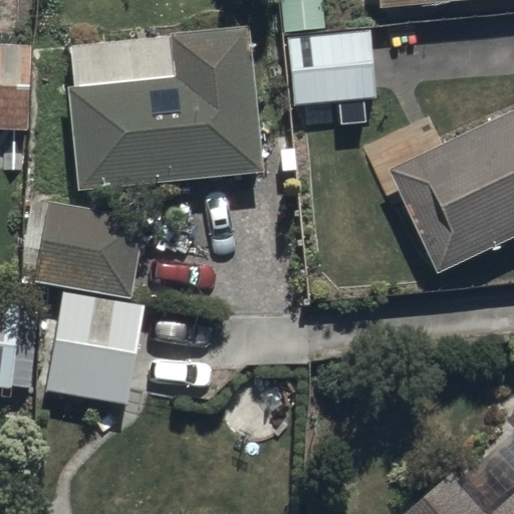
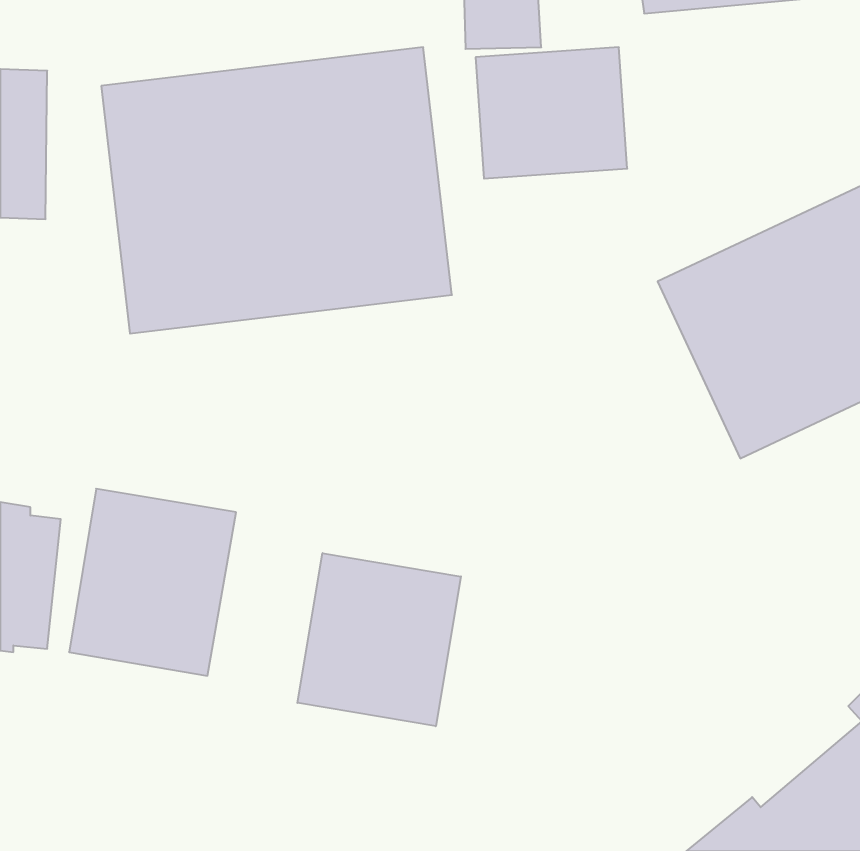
building: [31,201,147,298] -> none
building: none -> [297,553,461,726]

